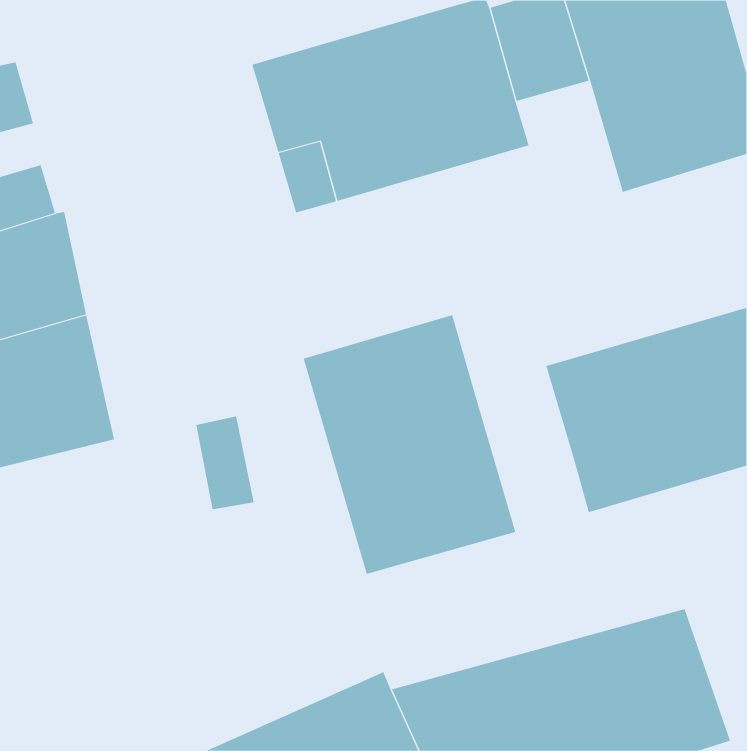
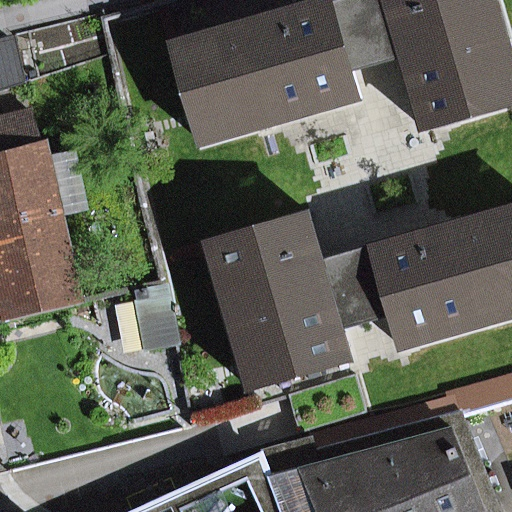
building: none -> [322,249,390,328]

